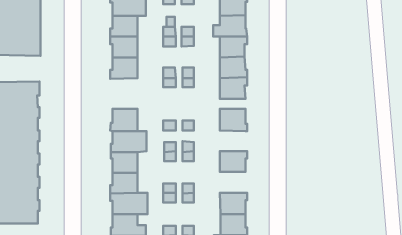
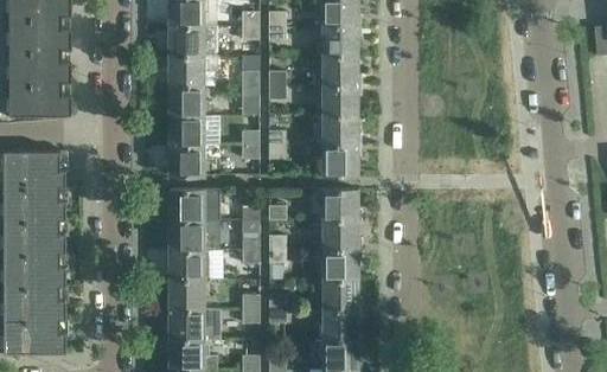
building: none -> [165,146,204,175]
building: none -> [321,220,360,250]
building: none -> [321,280,360,309]

